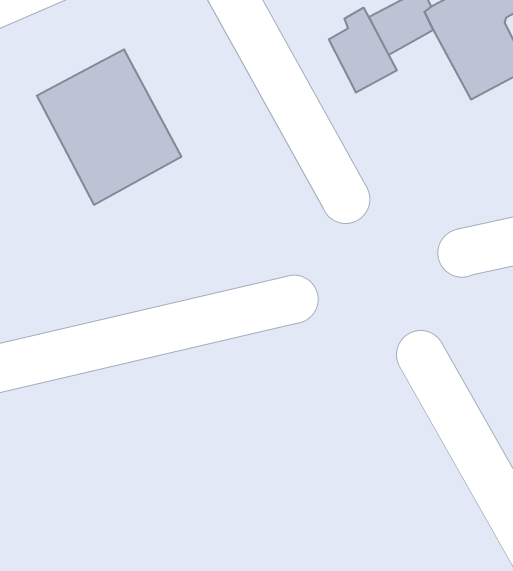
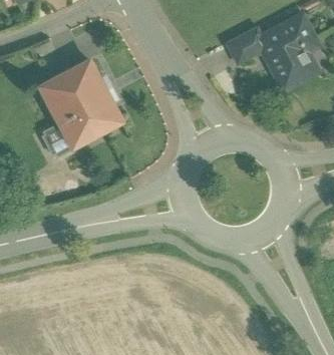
building: [329,8,397,93] -> none

